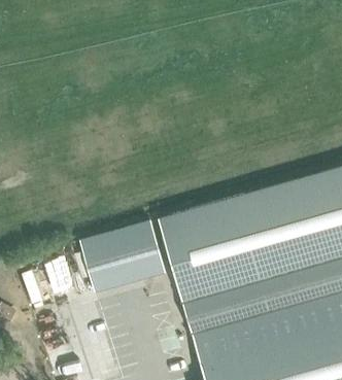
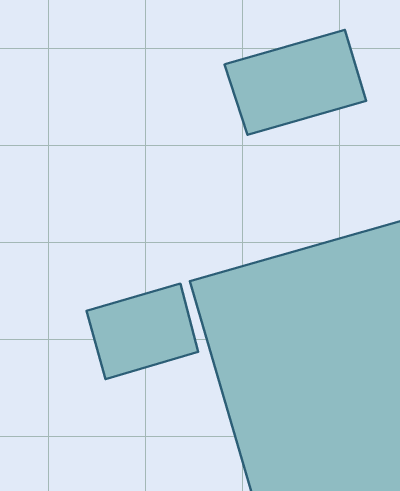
building: none -> [225,30,366,135]

